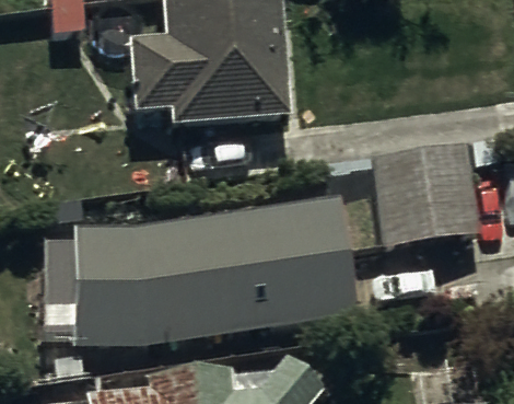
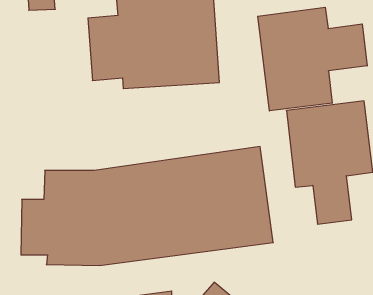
building: none -> [258,7,367,111]

